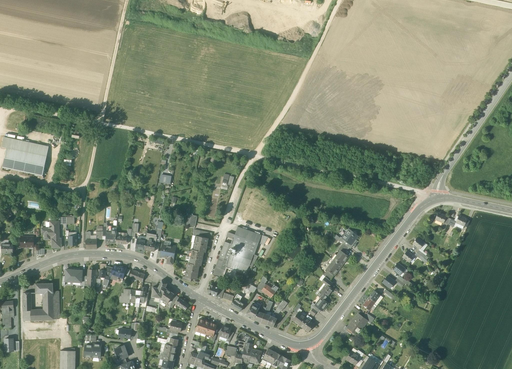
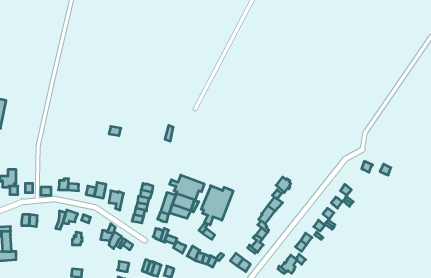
building: none -> [201,186,233,225]

